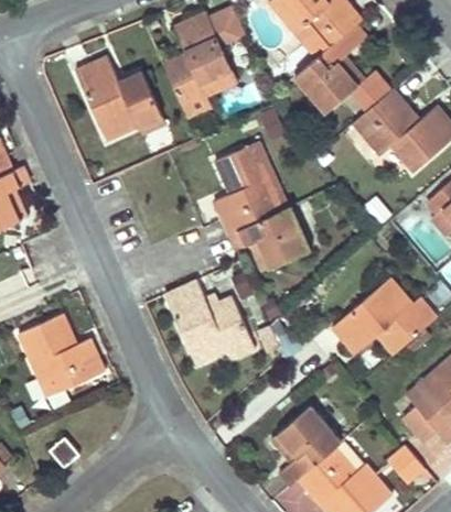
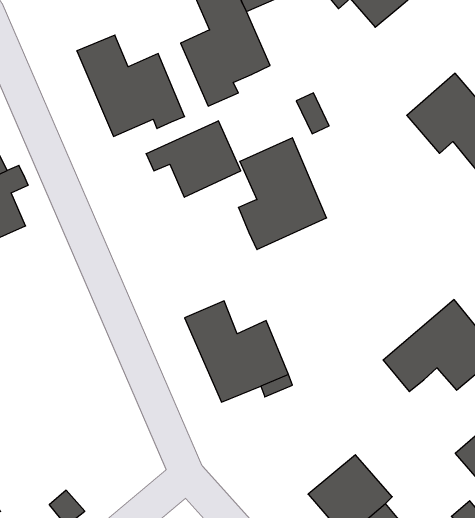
building: [296,33,365,112] -> none
building: [226,208,305,272] -> [146,121,241,197]
building: [20,314,105,395] -> none

